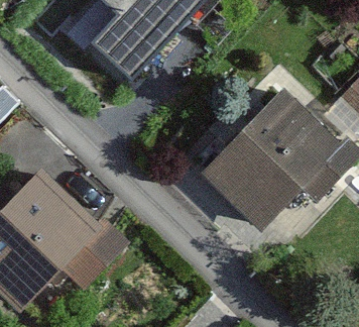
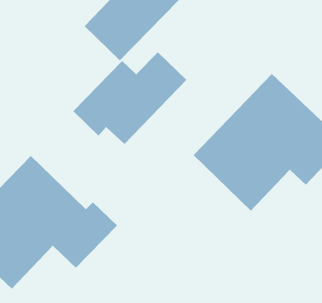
building: none -> [73,52,187,145]

